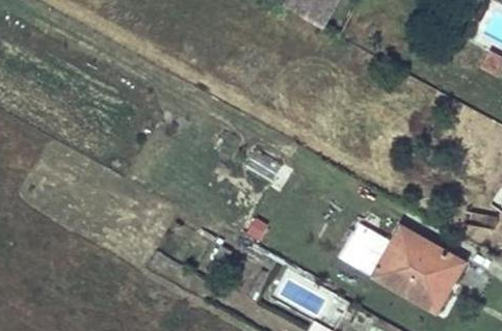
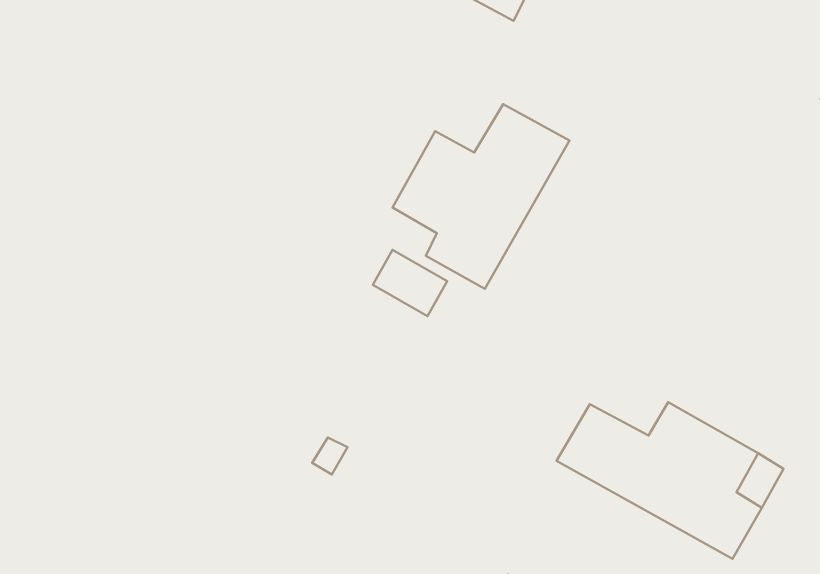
building: none -> [392,104,570,289]

